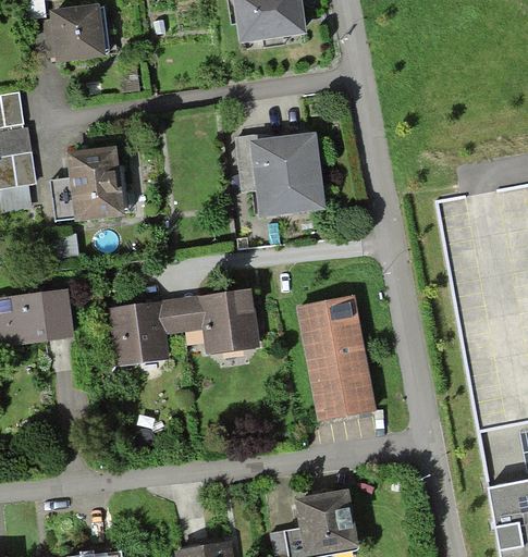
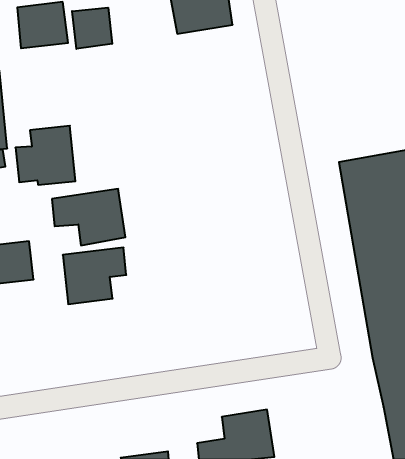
building: none -> [72,8,112,49]
building: [236,133,323,215] -> none
building: [179,286,267,354] -> [52,189,125,245]
building: [299,295,378,420] -> none

